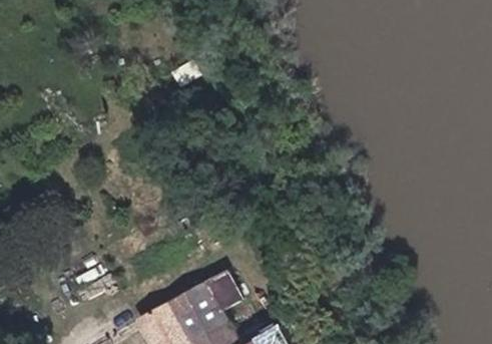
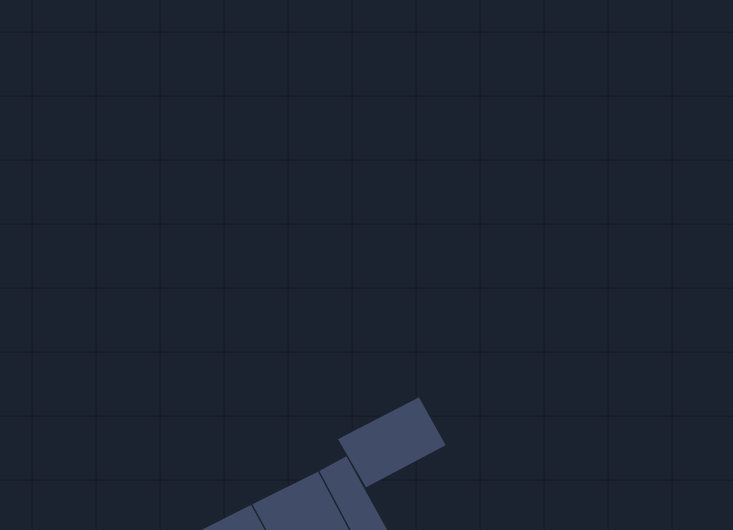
building: none -> [337,396,446,488]

